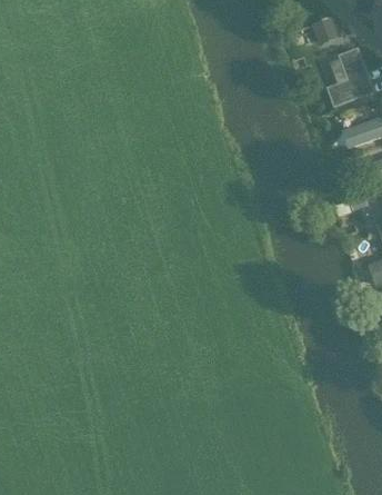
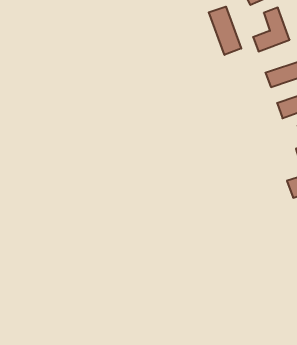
building: none -> [209,7,241,55]

